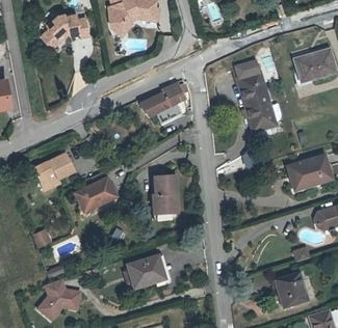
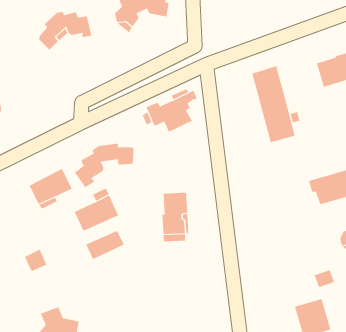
building: none -> [74,143,134,188]
building: none -> [86,230,124,260]
building: [129,255,166,289] -> none

